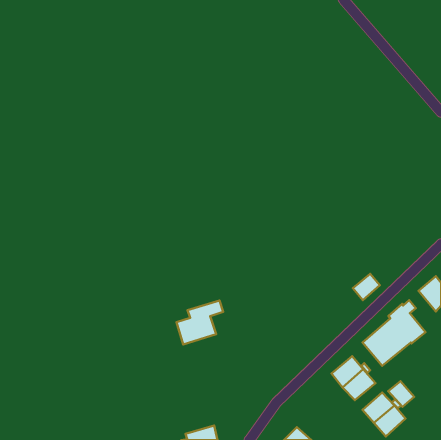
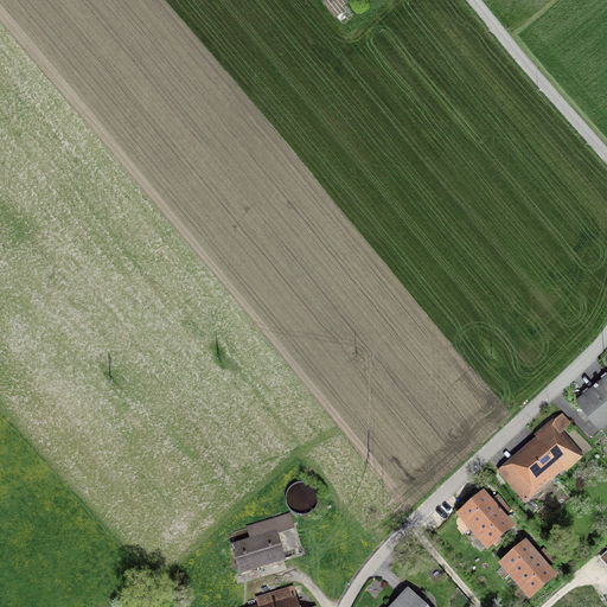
building: [353,274,380,300] -> none
building: [176,301,223,345] -> [231,512,295,573]
building: [388,381,414,407] -> none

